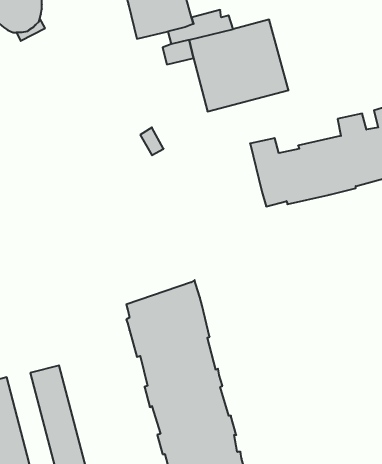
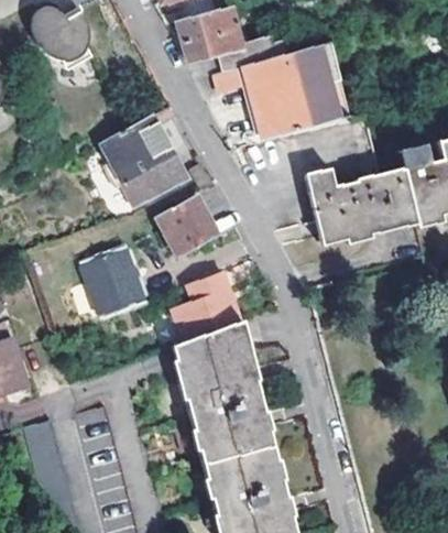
building: none -> [100,113,187,204]
building: none -> [153,191,222,257]
building: none -> [79,249,142,316]
building: none -> [162,270,242,342]

